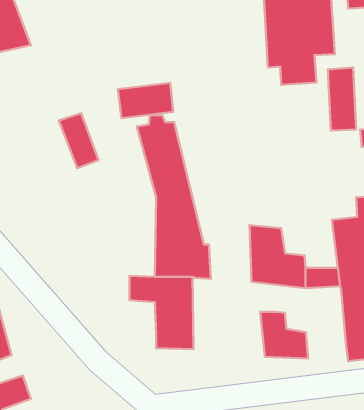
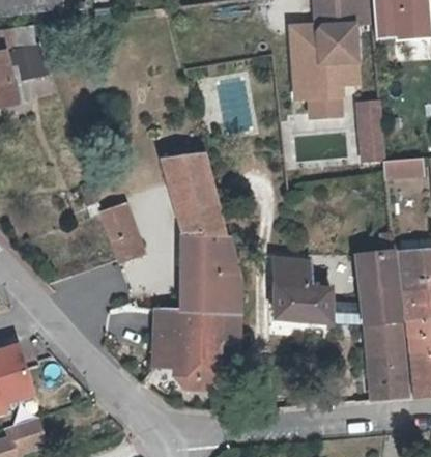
building: [118,83,173,118] -> none
building: [59,113,99,168] -> [102,206,142,262]
building: none -> [152,335,179,369]
building: [260,312,308,359] -> none

